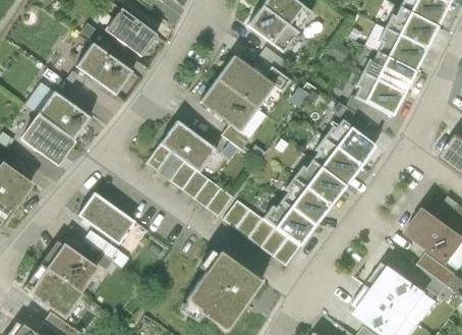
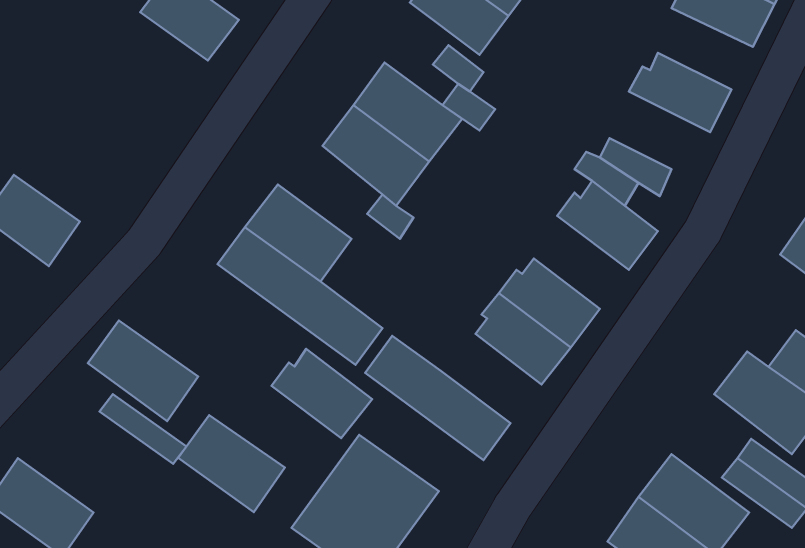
building: [378,27,427,70] -> none
building: [76,43,132,94] -> none
building: [354,71,405,116] -> none
building: [38,90,92,139] -> none
building: [312,136,362,185] -> none
building: [264,199,316,245] -> [271,349,372,438]
building: [42,241,98,292] -> [178,415,285,512]

